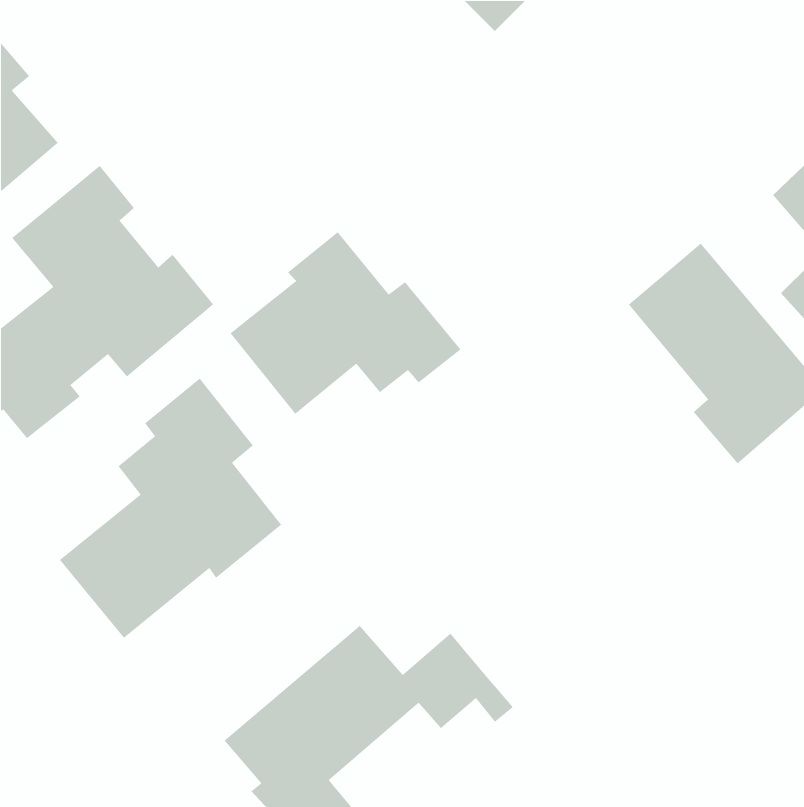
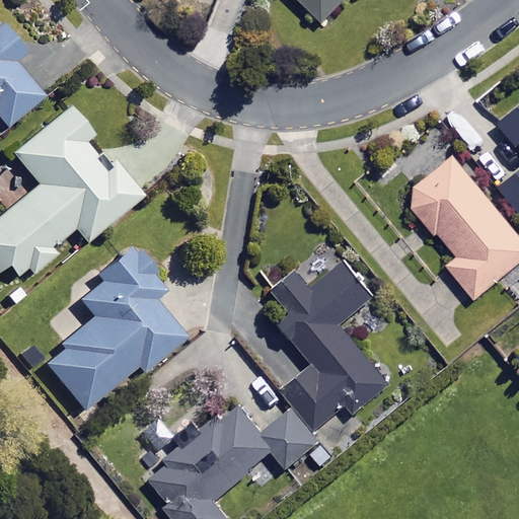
building: [230,231,461,415] -> none
building: none -> [271,263,389,433]

